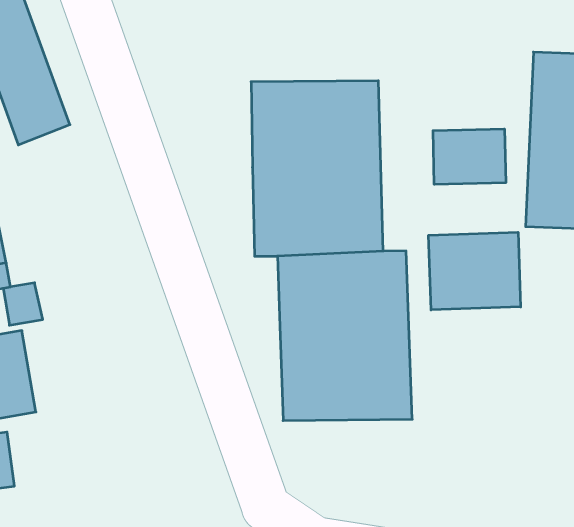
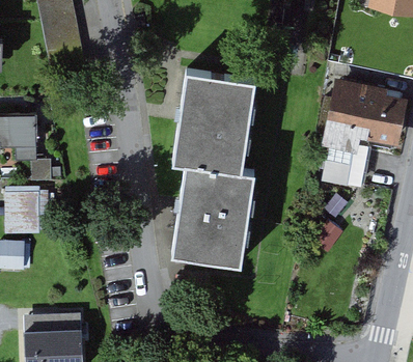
building: [433,129,506,184] -> none
building: [429,232,521,310] -> none

